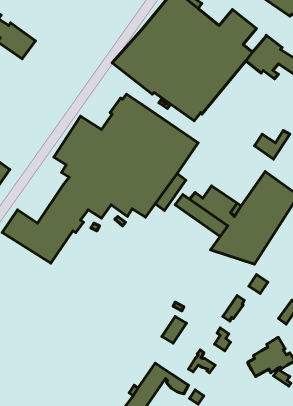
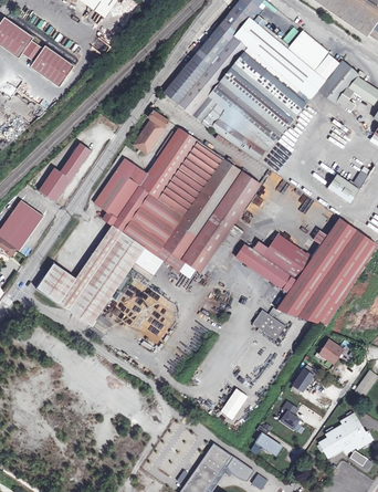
building: none -> [134,109,168,153]
building: none -> [39,142,92,201]
building: none -> [252,310,286,339]

